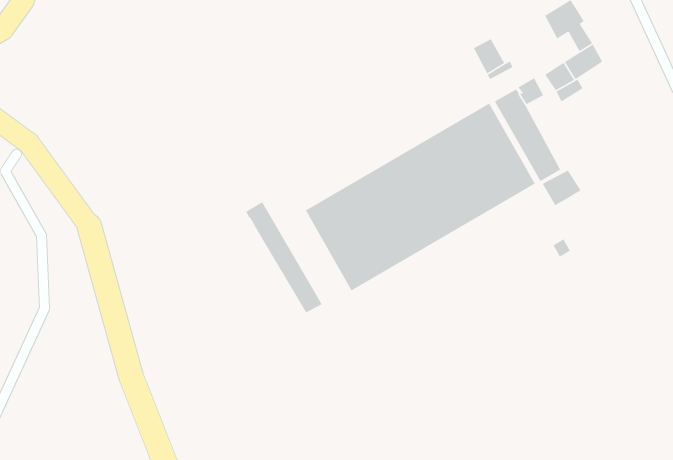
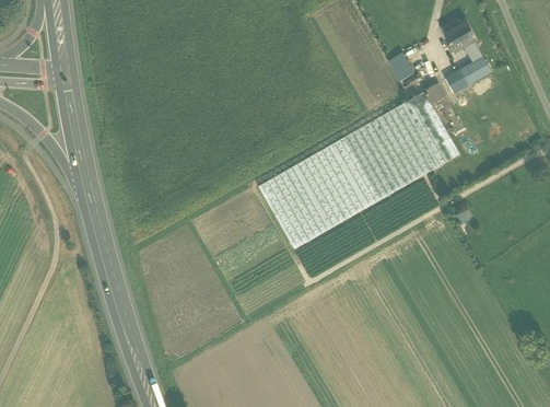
building: [542,170,582,206] -> none
building: [245,201,323,314] -> none

